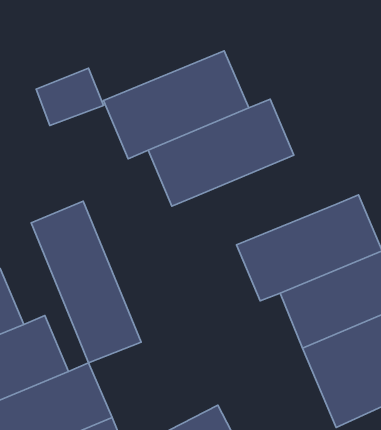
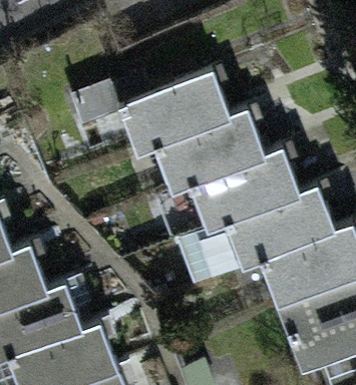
building: none -> [187,149,303,236]
building: [31,201,141,363] -> none

